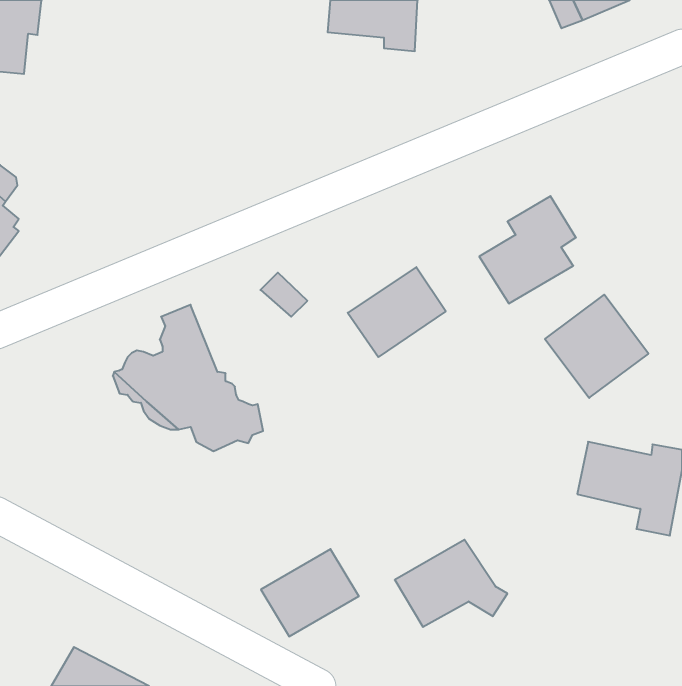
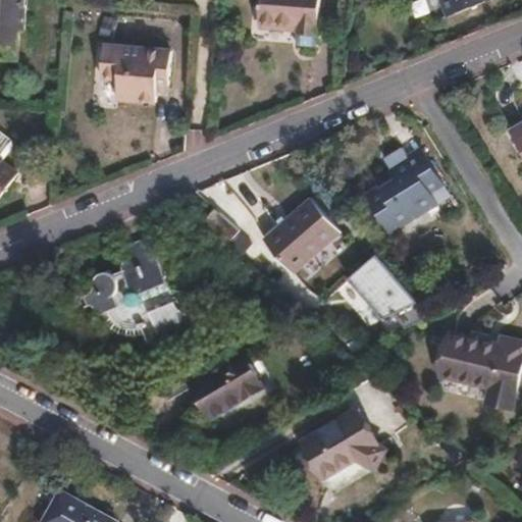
building: none -> [100,46,169,105]
building: [545,295,648,398] -> [335,254,414,332]
building: [261,549,359,636] -> [196,348,270,414]

